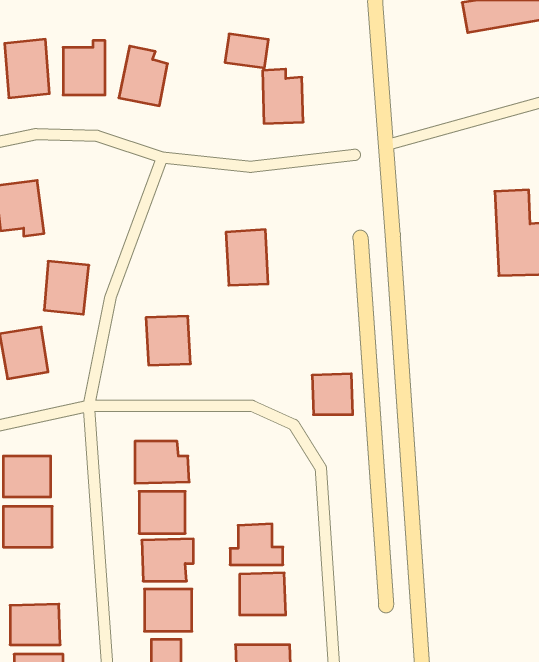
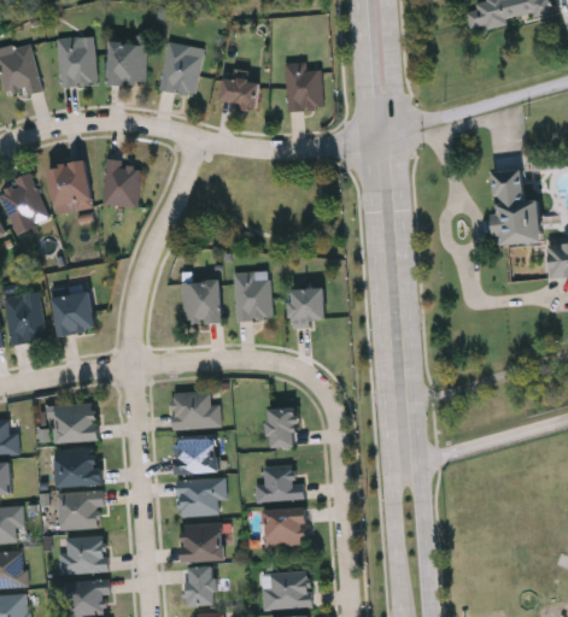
building: [225,34,268,68] -> [221,76,259,106]
building: [226,230,268,285] -> [234,271,271,321]
building: [44,261,89,314] -> [103,160,142,207]
building: [312,374,353,415] -> [289,288,326,324]
building: none -> [269,409,295,447]
building: none -> [59,492,103,528]

